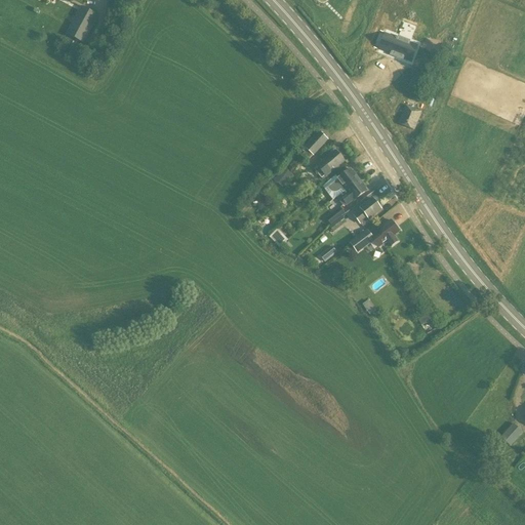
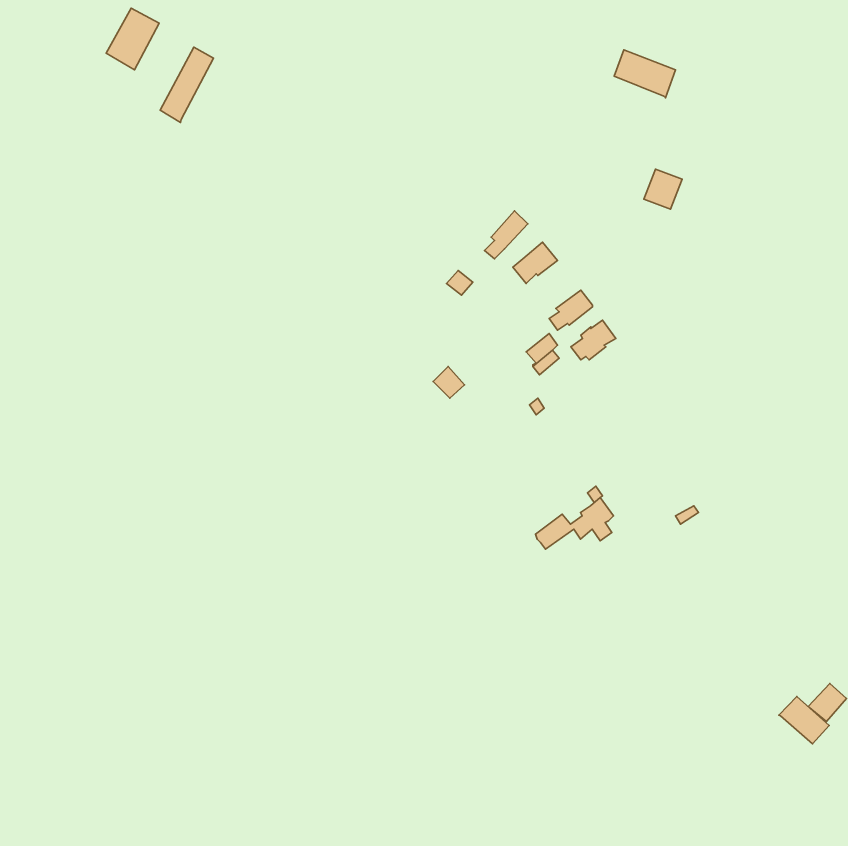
building: none -> [160,47,214,122]
building: [323,167,359,198] -> none
building: [350,219,398,251] -> [536,498,614,549]
building: none -> [779,696,829,744]

